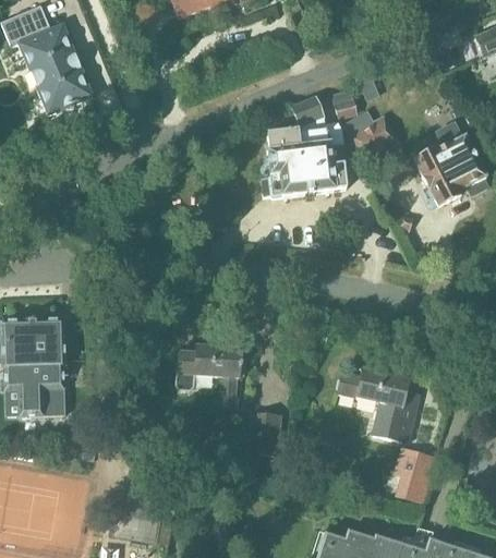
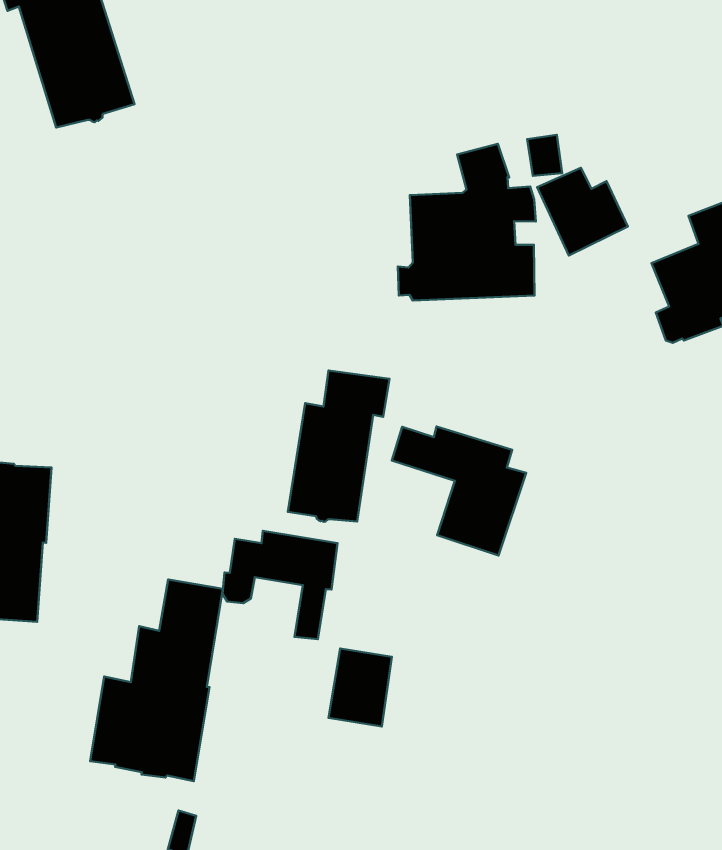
building: none -> [288,370,389,522]
building: [338,369,420,444] -> [392,427,526,555]
building: none -> [90,580,223,781]
building: [395,450,434,502] -> none

